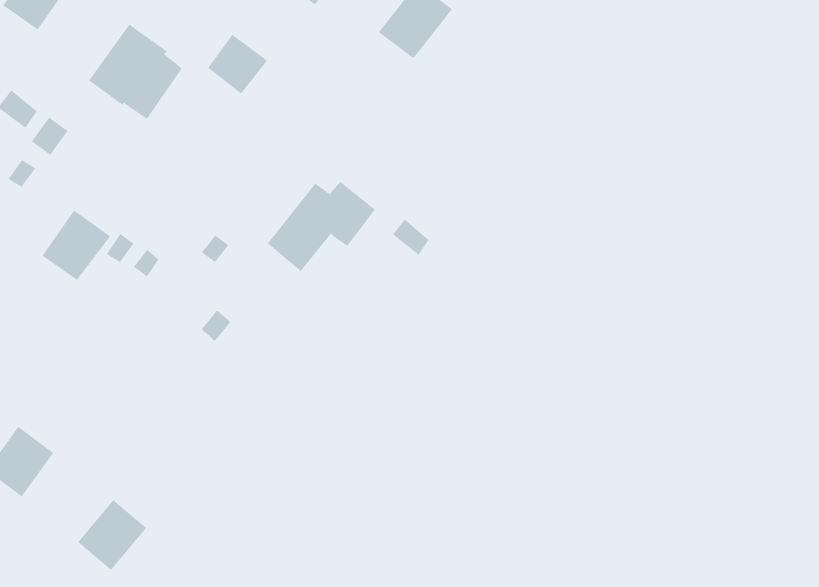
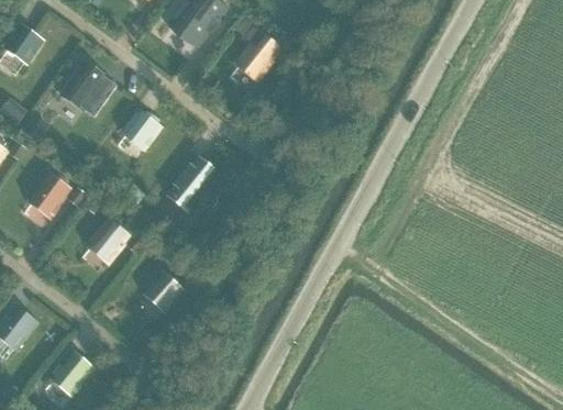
building: [207,34,268,95] -> [123,111,161,148]
building: none -> [88,221,129,263]
building: none -> [144,273,183,311]

